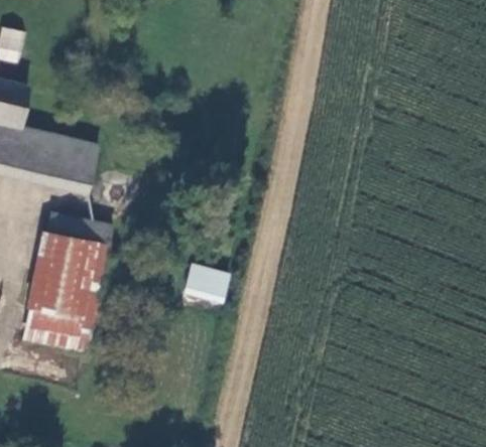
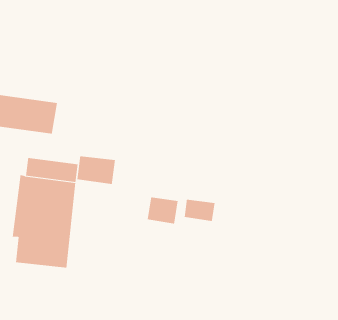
building: none -> [77,156,116,185]
building: none -> [184,199,215,222]

